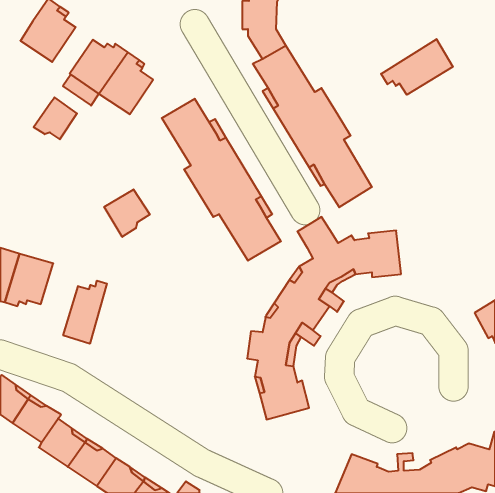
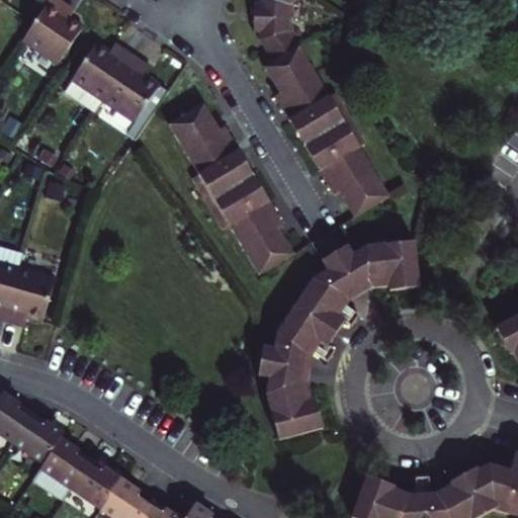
building: [381,39,453,95] -> none
building: [34,97,77,139] -> none
building: [104,189,150,237] -> none
building: [63,281,107,344] -> none

